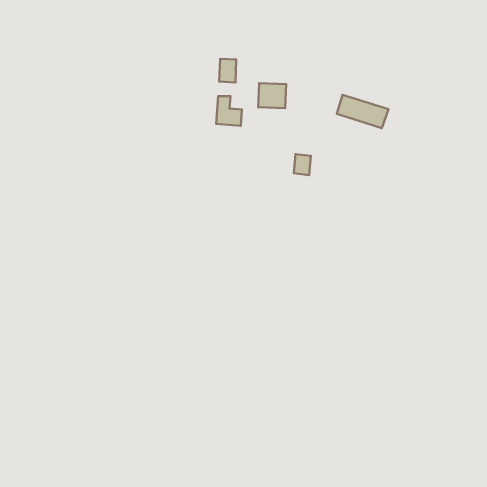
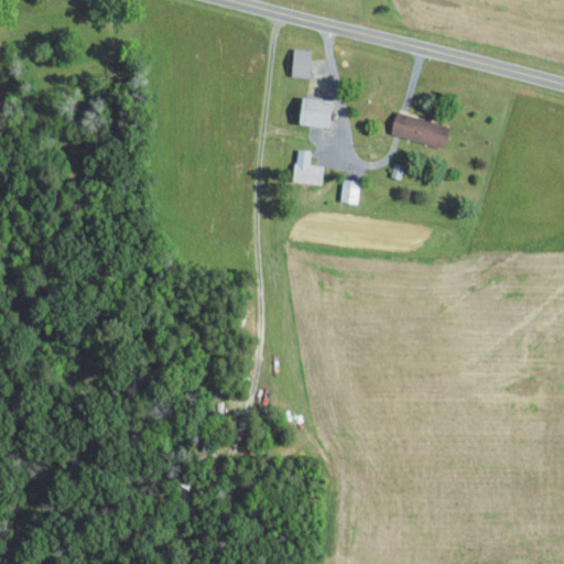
building: [219,59,236,83] -> [291,50,311,77]
building: [216,96,242,126] -> [294,151,324,185]

